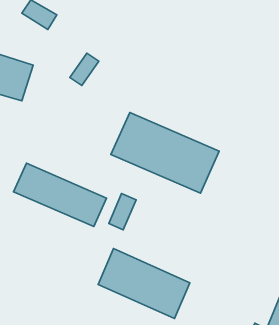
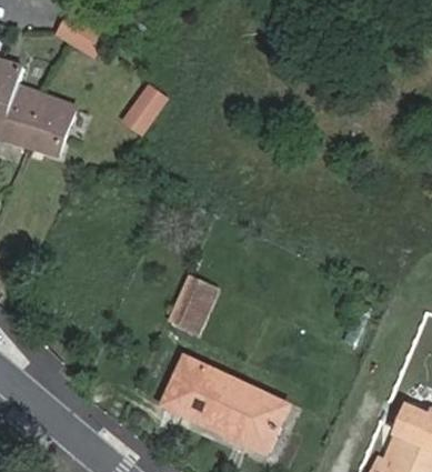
building: [111,112,219,193] -> none
building: [13,163,107,227] -> none

